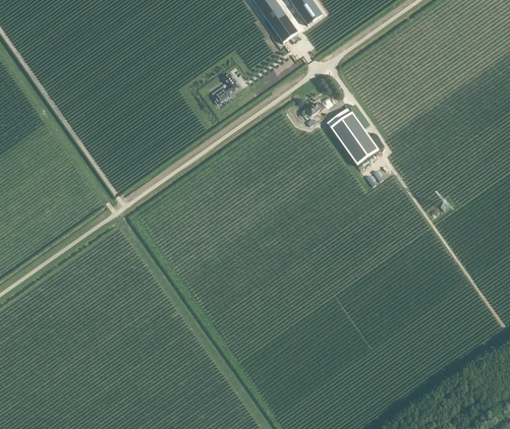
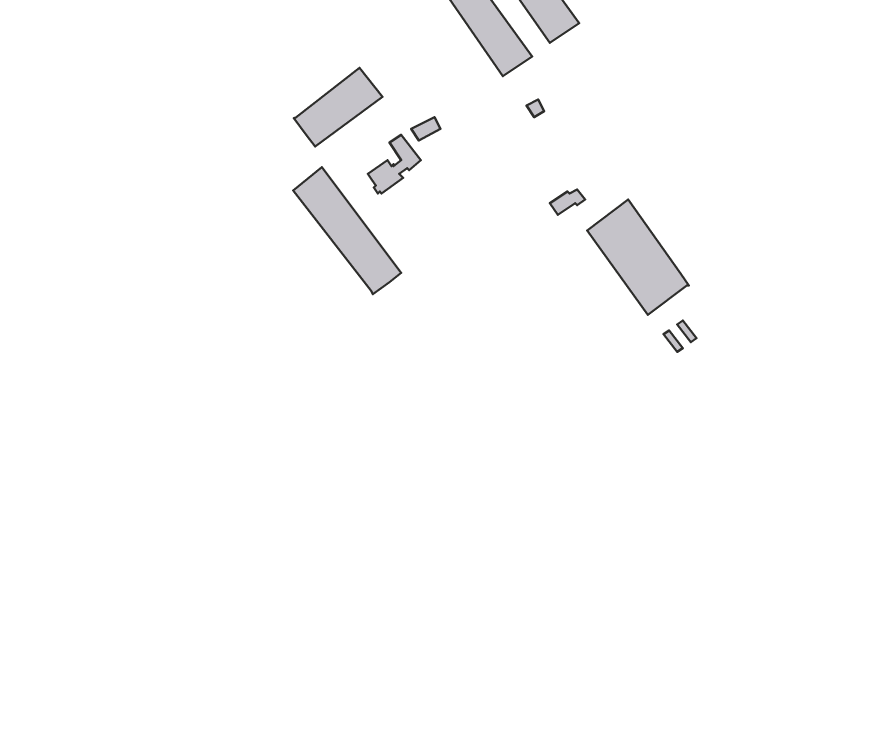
building: none -> [294,68,382,147]
building: none -> [293,167,401,294]

